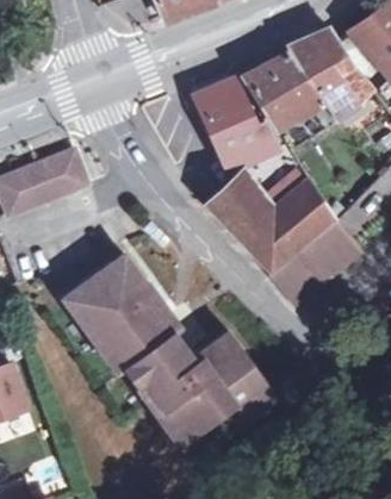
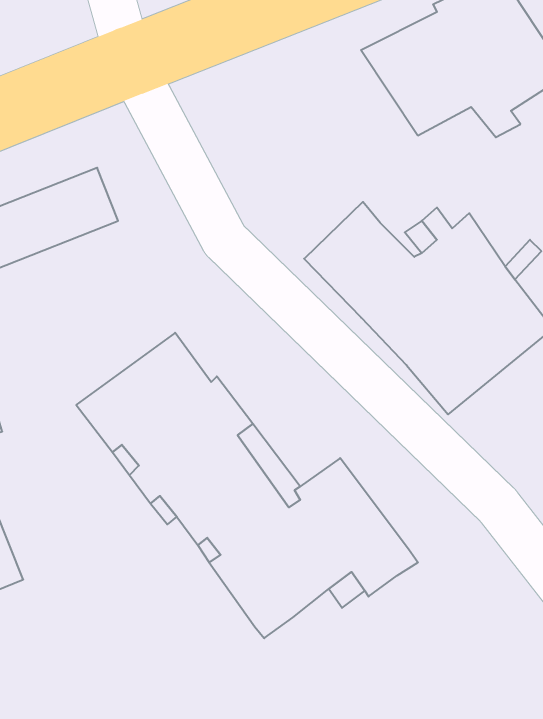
building: [193,80,277,173] -> none

